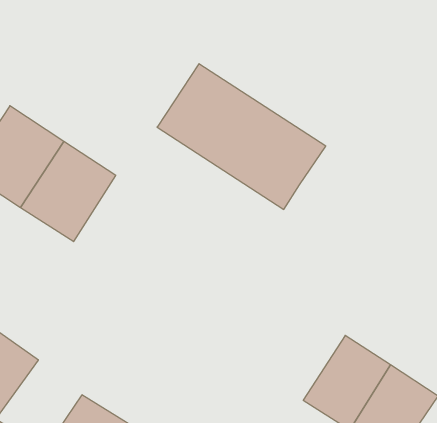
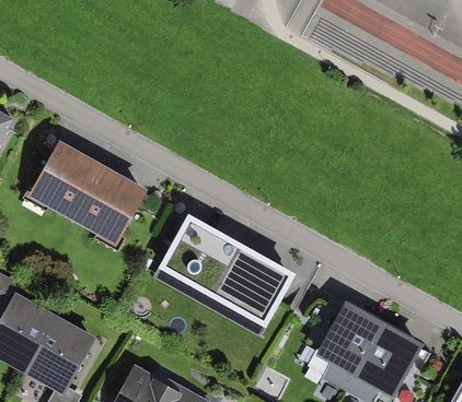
building: [157,64,326,209] -> [158,214,294,326]

